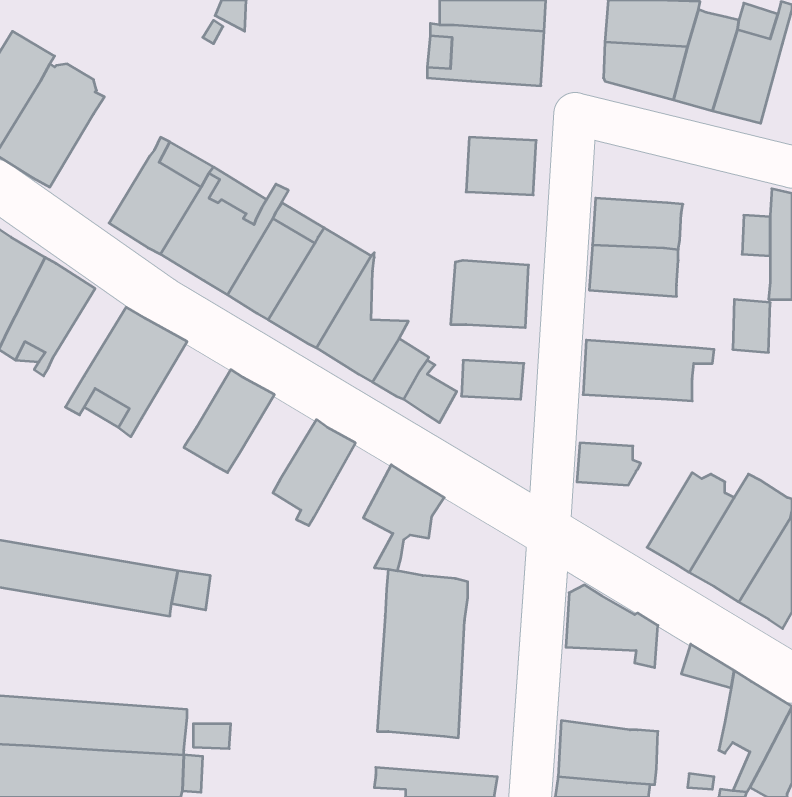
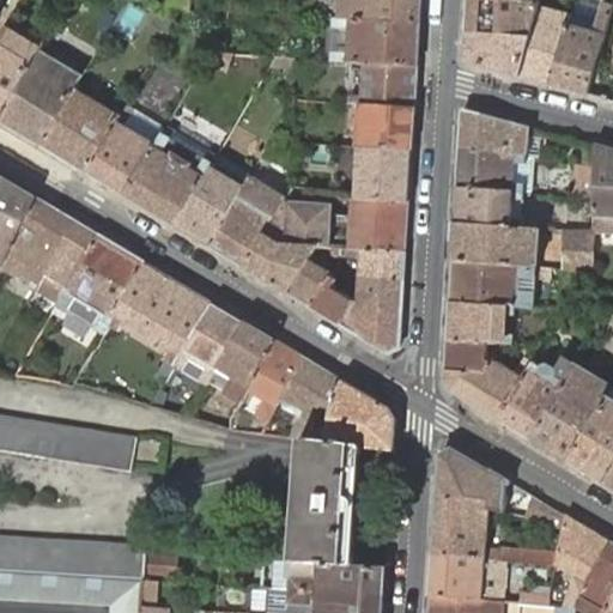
building: none -> [347,62,415,108]
building: none -> [38,87,123,171]
building: none -> [457,109,526,157]
building: none -> [356,147,409,204]
building: none -> [285,198,330,247]
building: none -> [34,221,97,292]
building: none -> [450,223,536,267]
building: none -> [339,248,403,279]
building: none -> [109,262,177,341]
building: none -> [338,301,400,353]
building: none -> [175,303,243,383]
building: none -> [445,303,512,344]
building: none -> [237,340,301,432]
building: none -> [443,357,532,420]
building: none -> [305,382,393,450]
building: none -> [431,497,557,565]
building: none -> [268,562,383,596]

